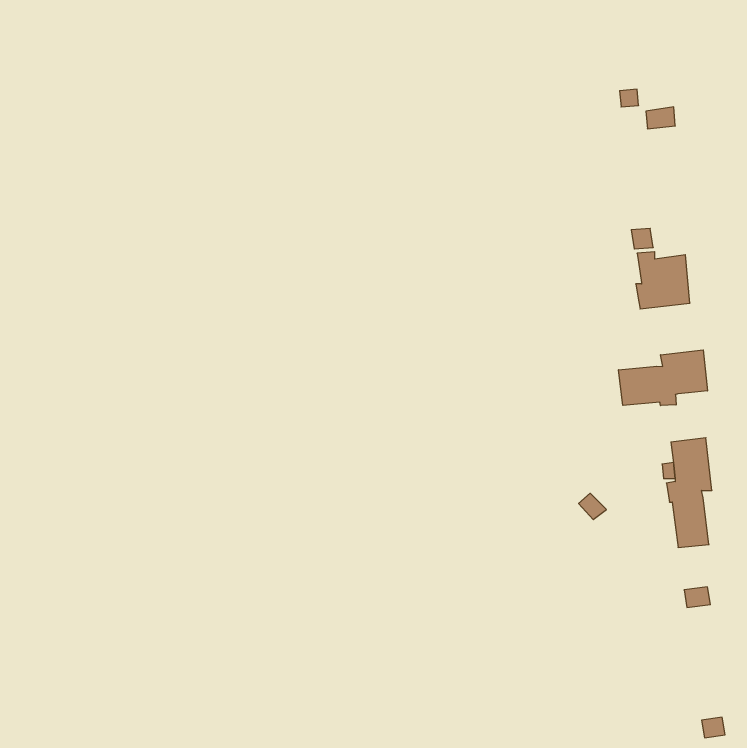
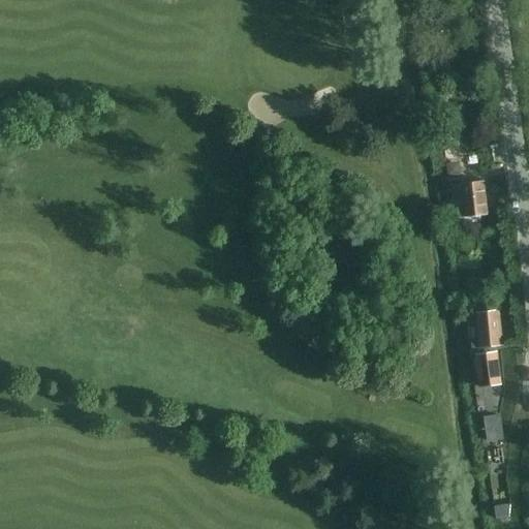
building: [619,350,707,406] -> none

